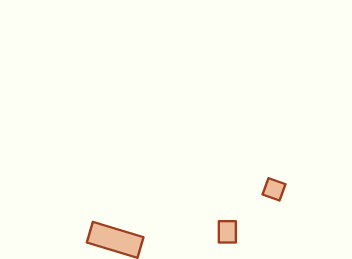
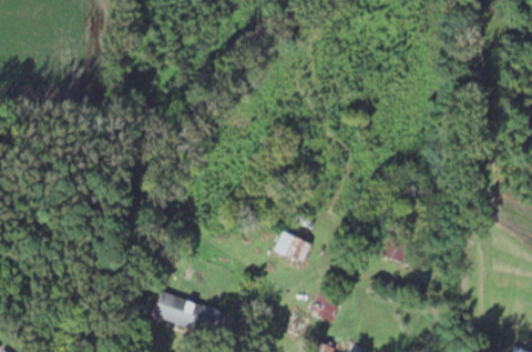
building: none -> [275,233,309,262]

